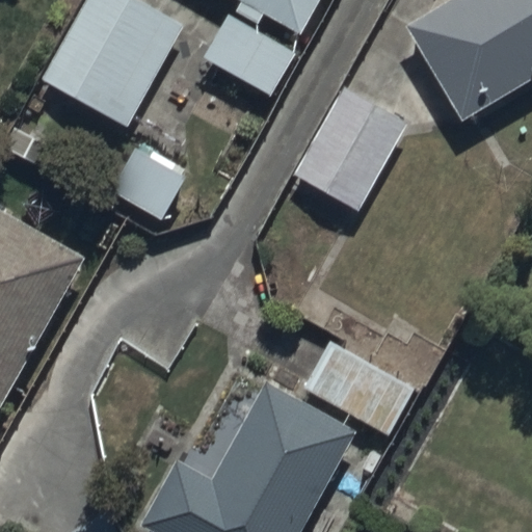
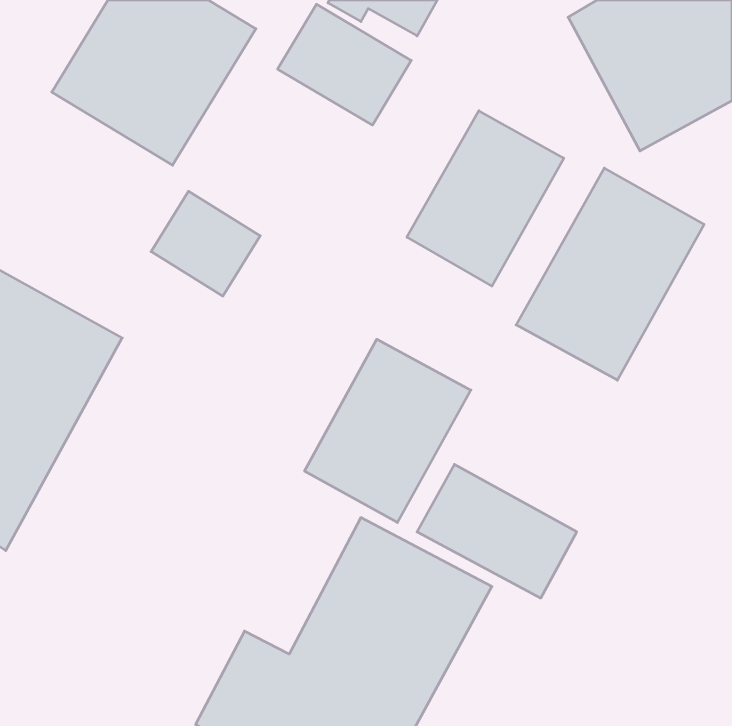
building: none -> [516,168,704,380]
building: none -> [305,339,471,523]

